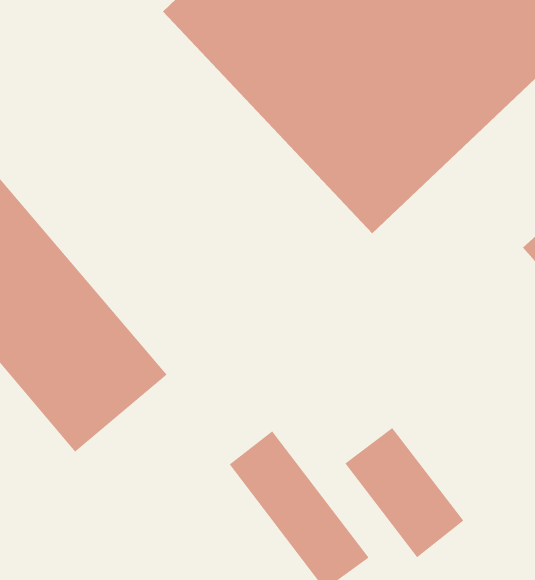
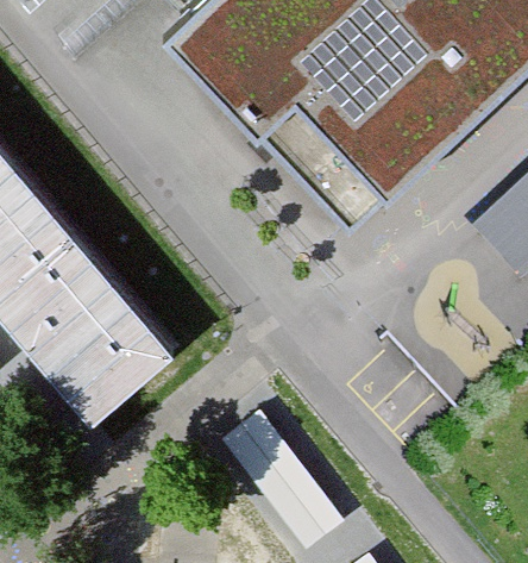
building: [344,427,464,558] -> none

